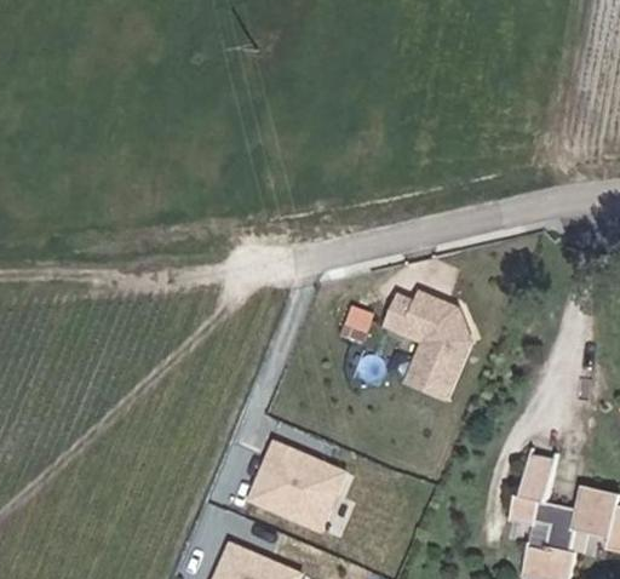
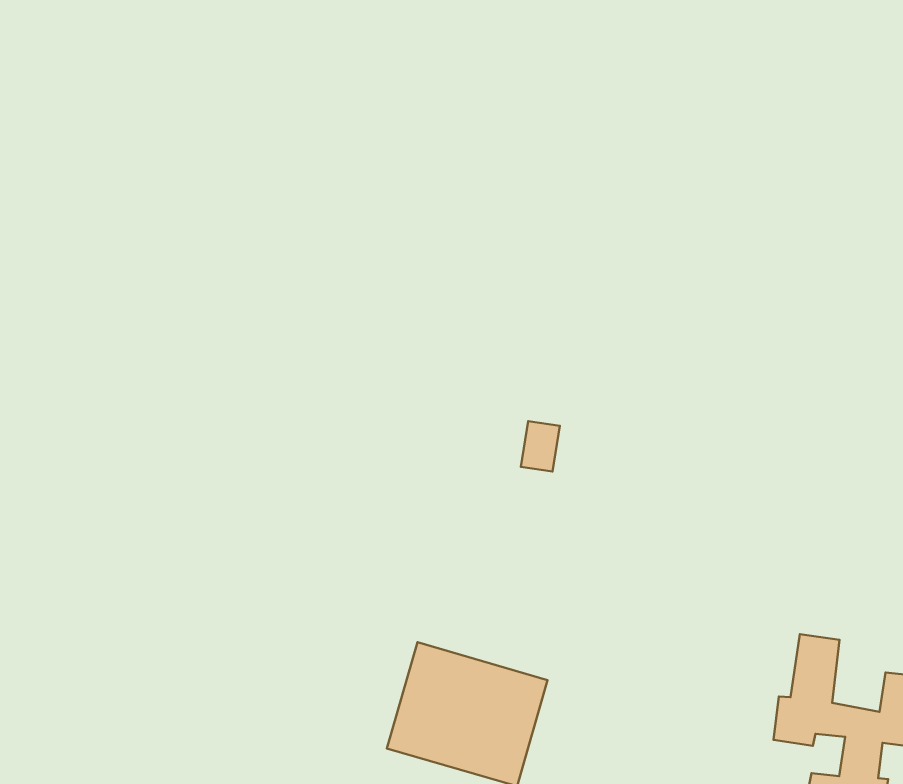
building: [385,286,484,402] -> none

